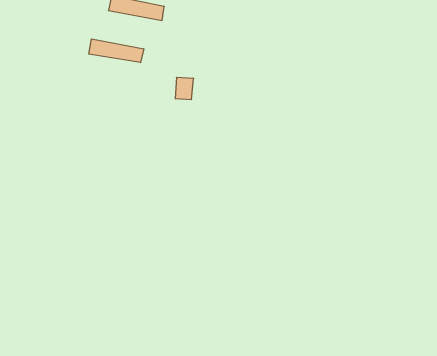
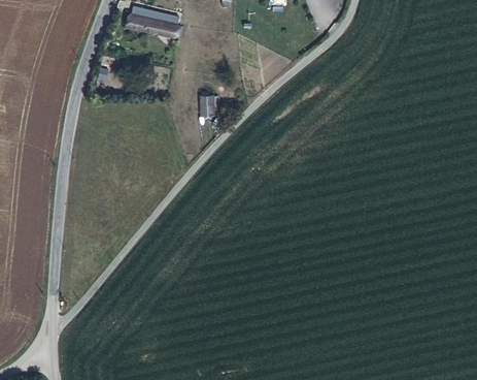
building: [89,39,144,63] -> none

